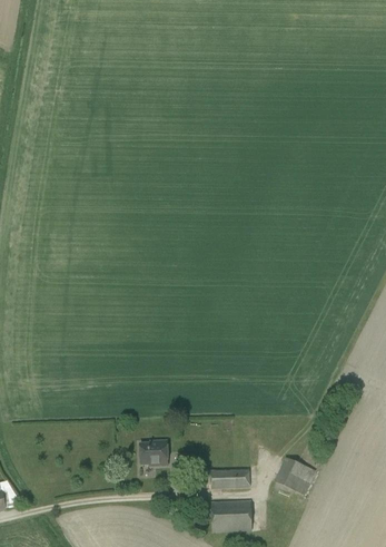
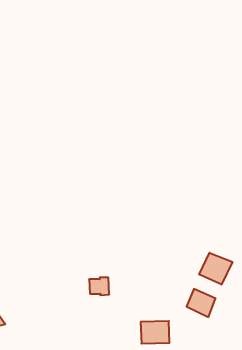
building: none -> [199,253,232,285]
building: [208,469,248,488] -> none

